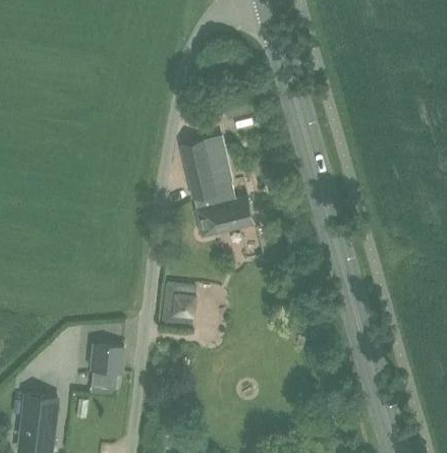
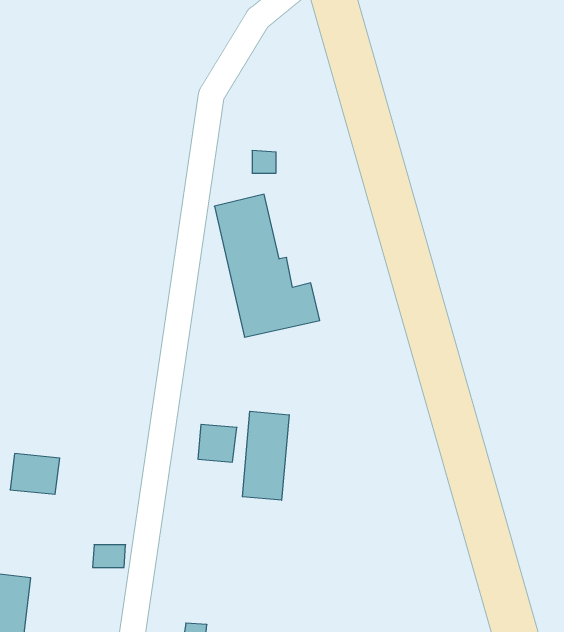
building: none -> [242,411,289,500]
building: [91,344,124,372] -> [10,454,60,494]

